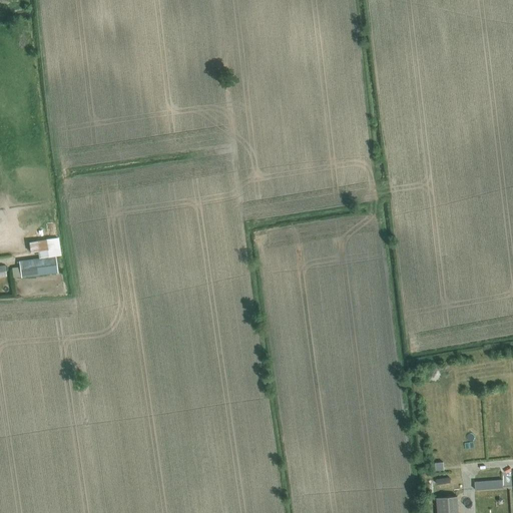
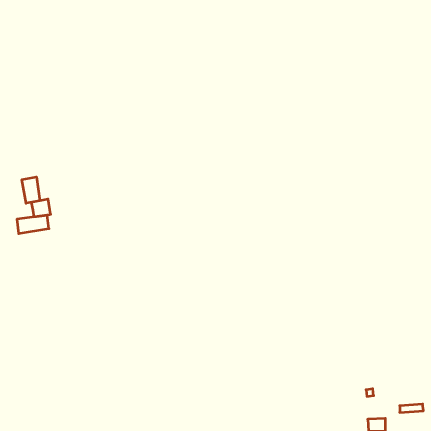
building: none -> [22,177,40,203]

